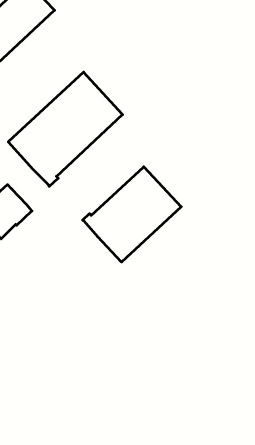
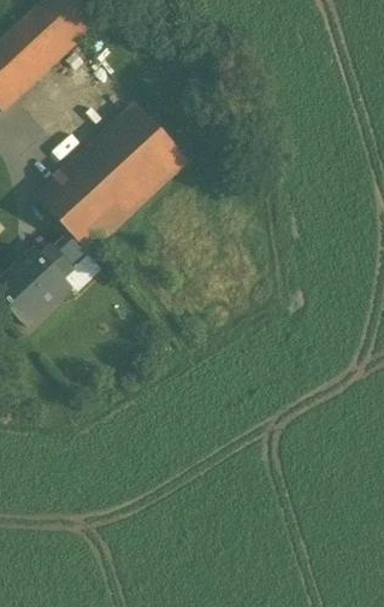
building: [83,167,181,262] -> none
building: none -> [43,230,91,277]

